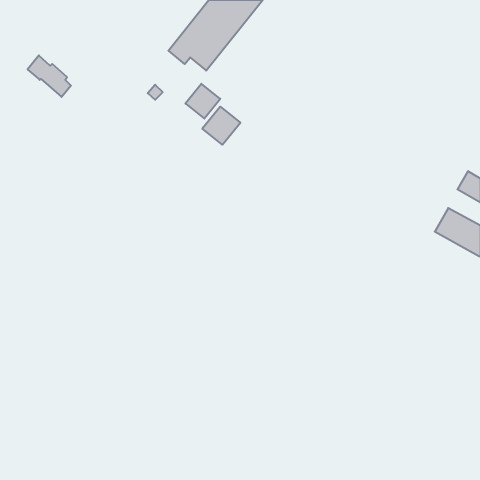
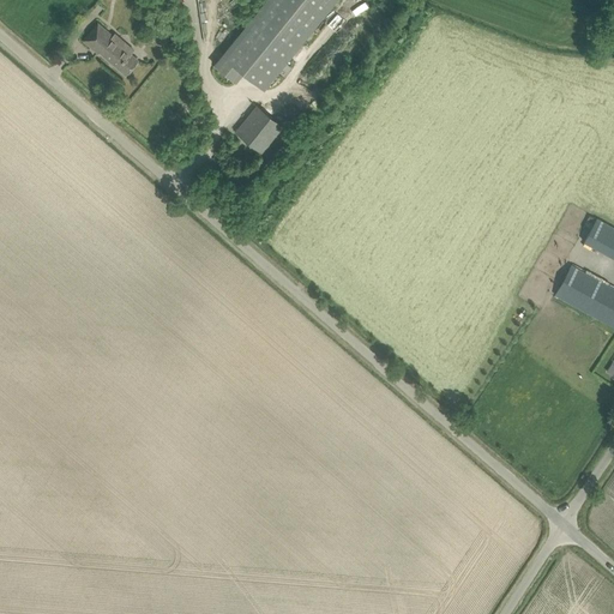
building: [28,55,71,97] -> [84,24,139,77]
building: [202,107,240,145] -> none

